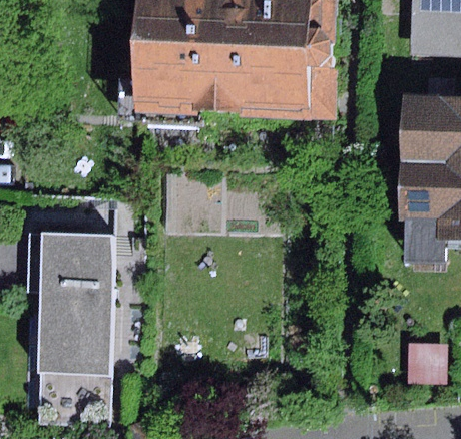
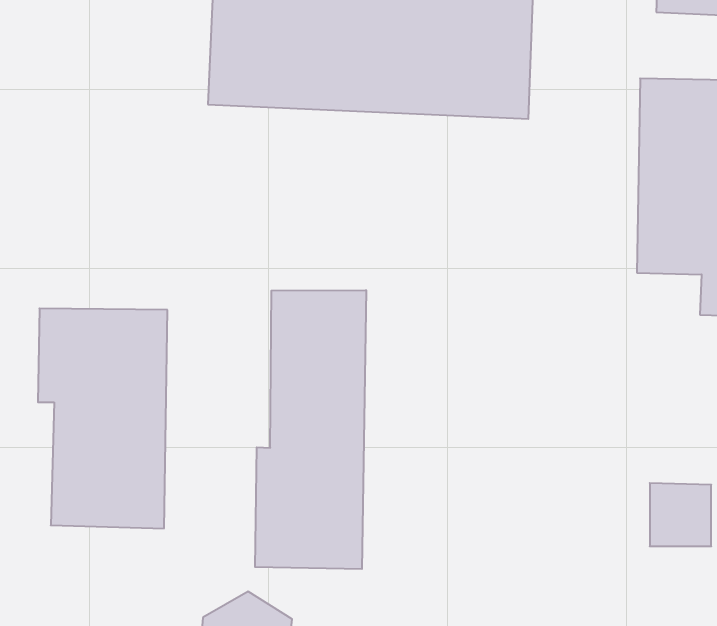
building: none -> [255,290,366,569]
building: [36,372,107,428] -> none

